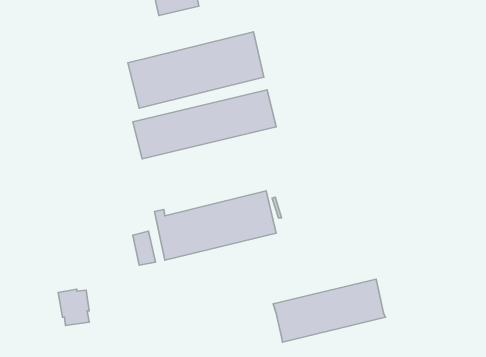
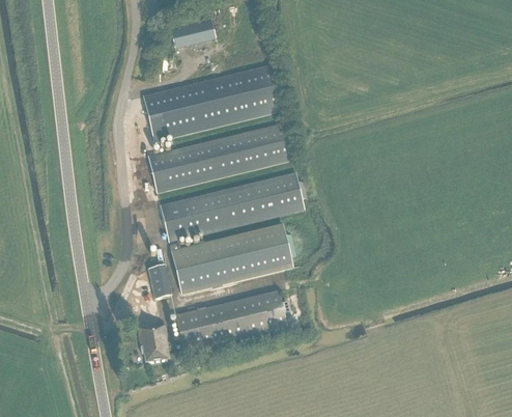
building: none -> [160,172,304,242]
building: [273,279,385,342] -> [174,289,287,353]
building: [58,289,89,325] -> [138,325,169,361]

